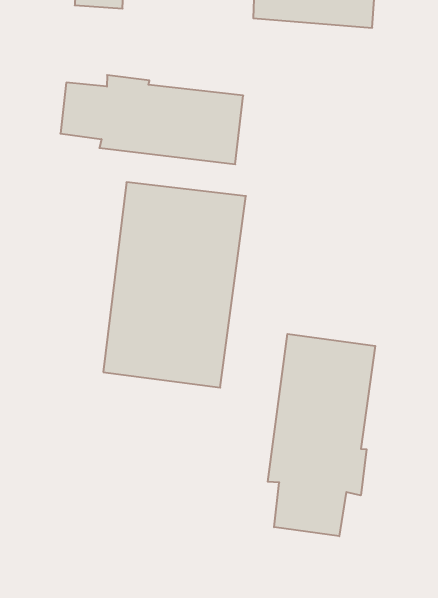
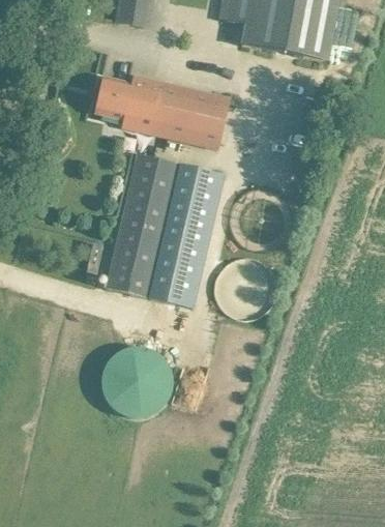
building: [268,334,375,536] -> none
building: none -> [101,348,162,414]

